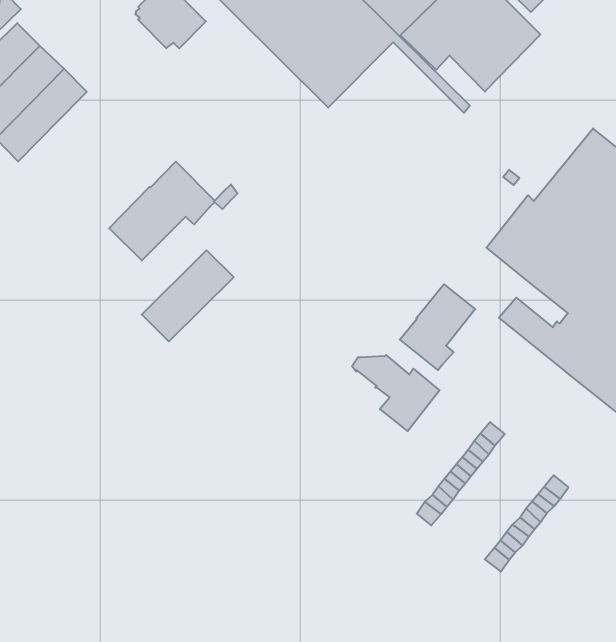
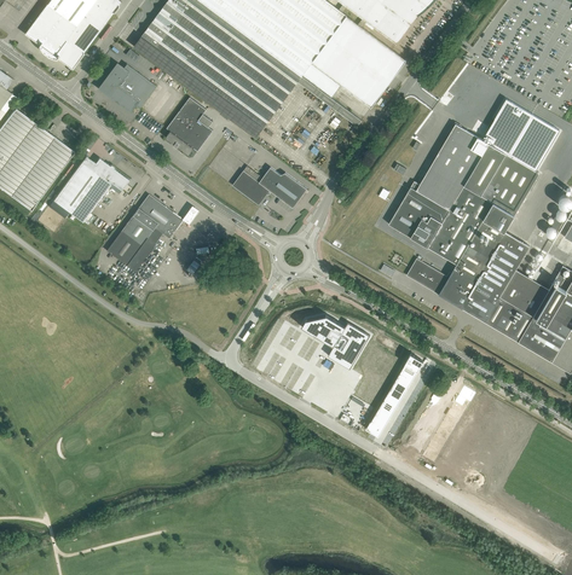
building: none -> [166,97,213,155]
building: none -> [53,157,129,221]
building: none -> [232,165,310,208]
building: [142,250,234,341] -> none
building: [400,284,475,370] -> none

